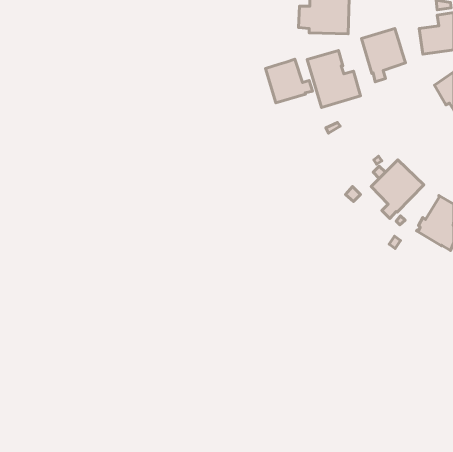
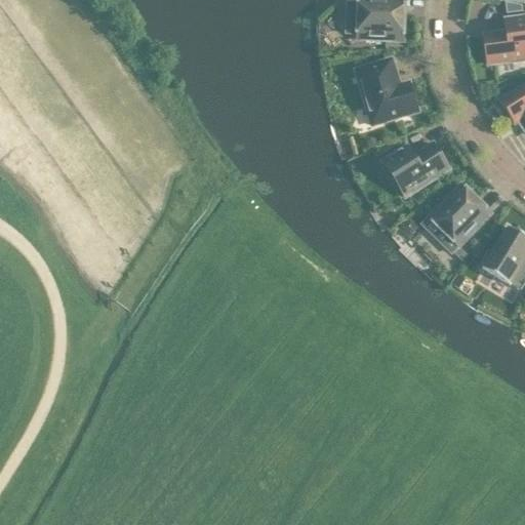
building: [362,29,406,82] -> none
building: [266,59,313,103] -> none
building: none -> [383,143,449,195]

